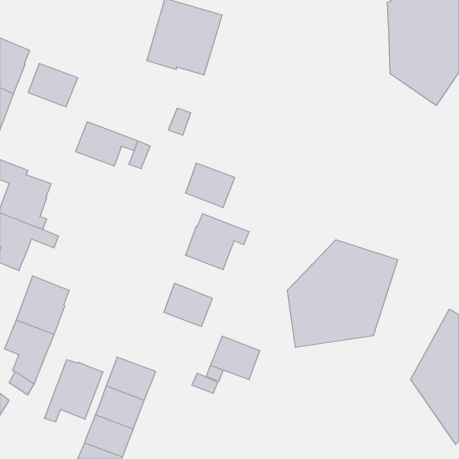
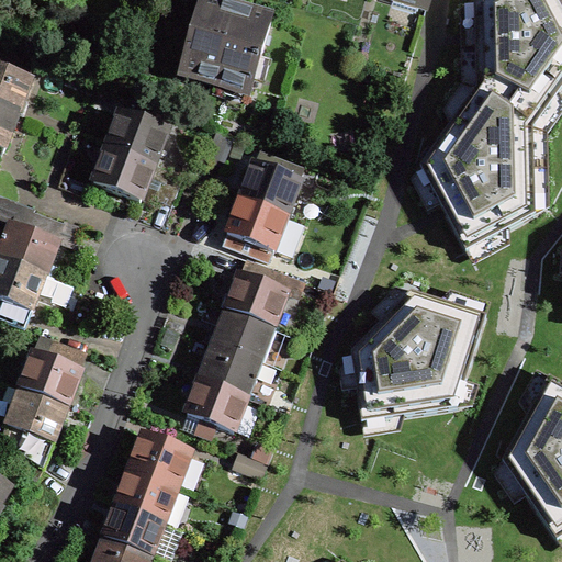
building: [28,64,78,107] -> [106,113,167,166]
building: none -> [419,89,535,252]
building: none -> [239,154,301,216]
building: none -> [212,311,273,363]
building: [210,336,260,380] -> [186,380,246,432]
building: [44,360,103,422] -> none

